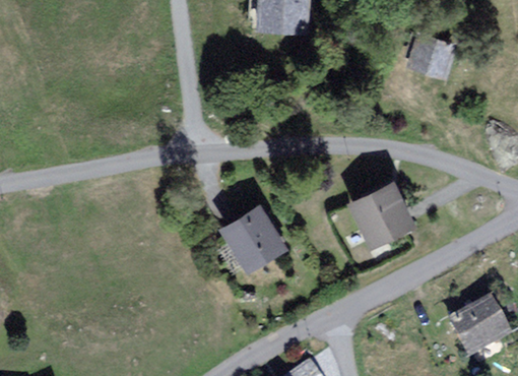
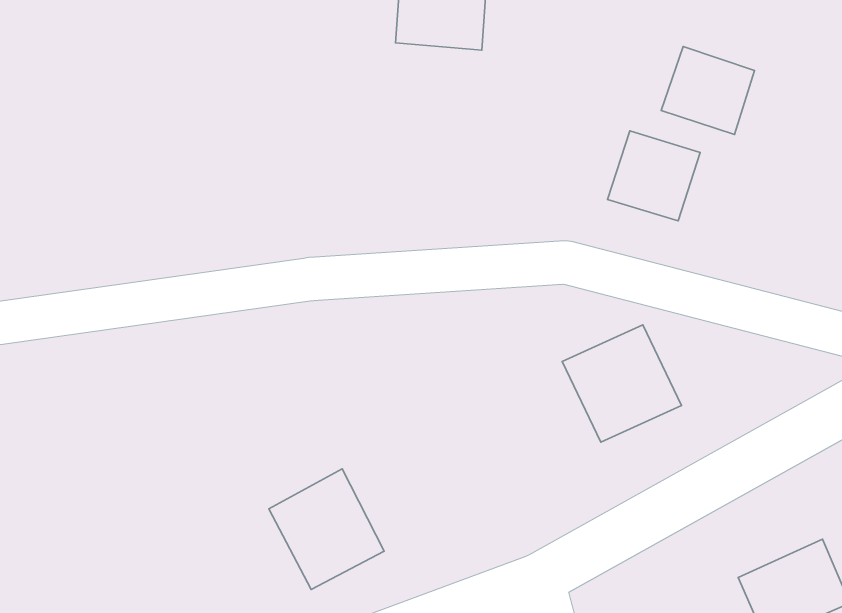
building: none -> [608,131,700,221]
building: [219,204,283,271] -> [269,469,384,590]

